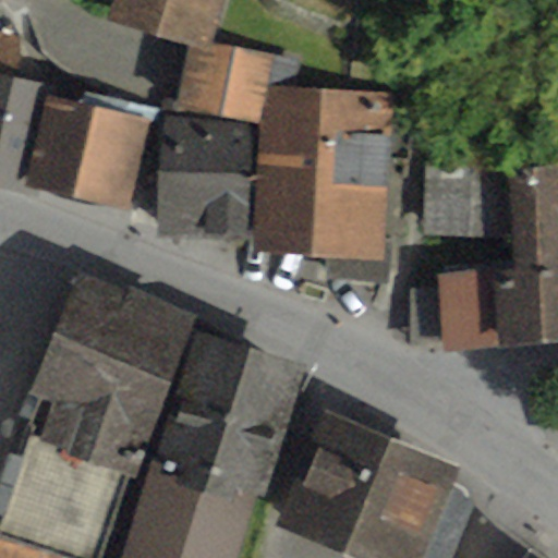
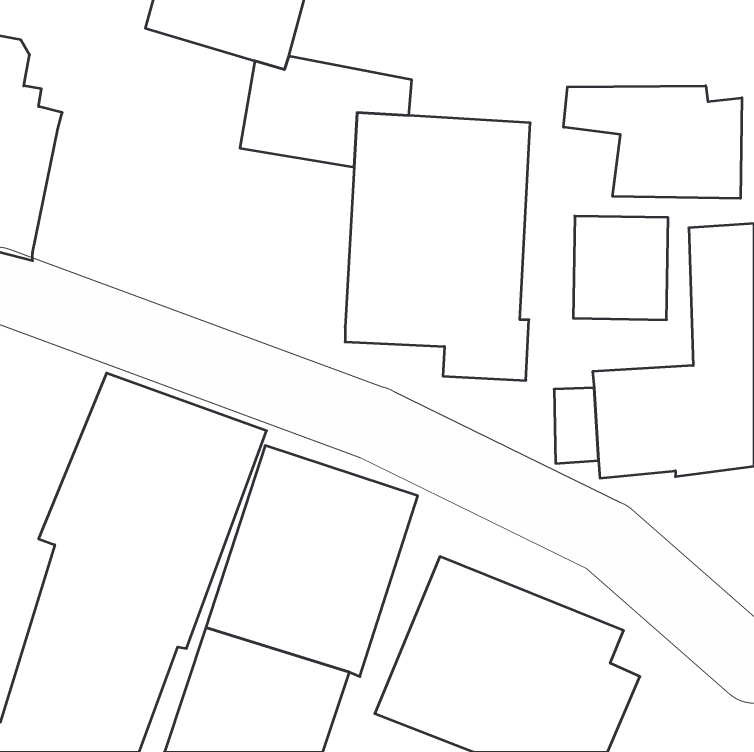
building: none -> [564,86,742,198]
building: [24,92,154,208] -> none
building: [157,116,260,241] -> none

